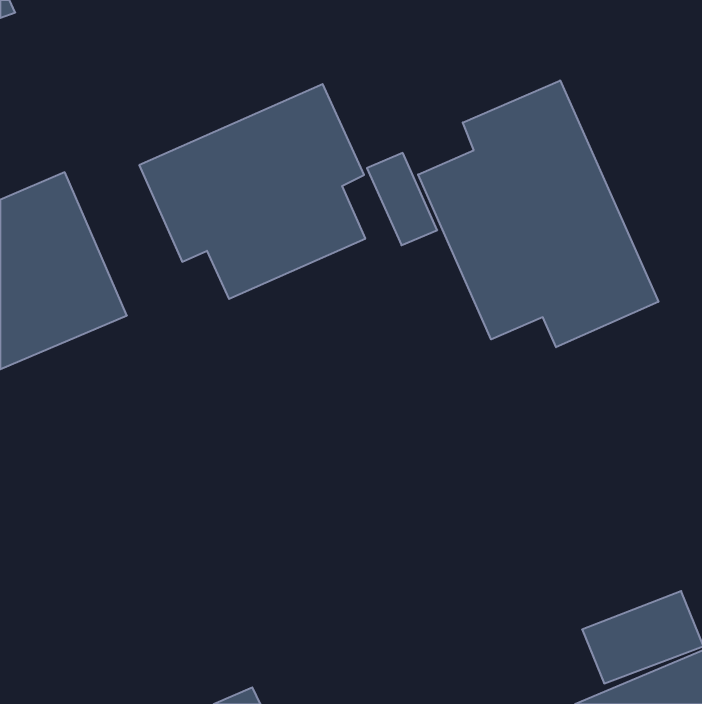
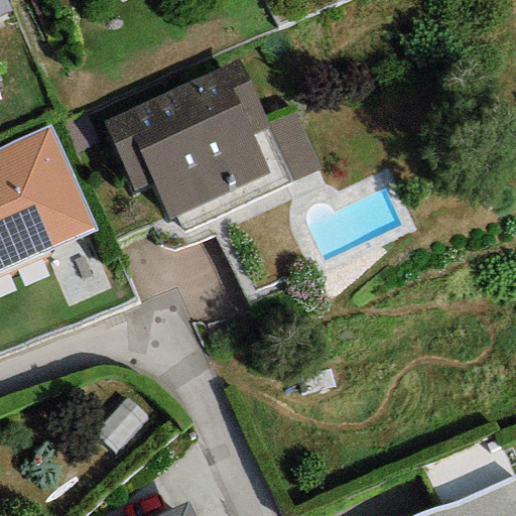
building: [418,80,658,347] -> none

